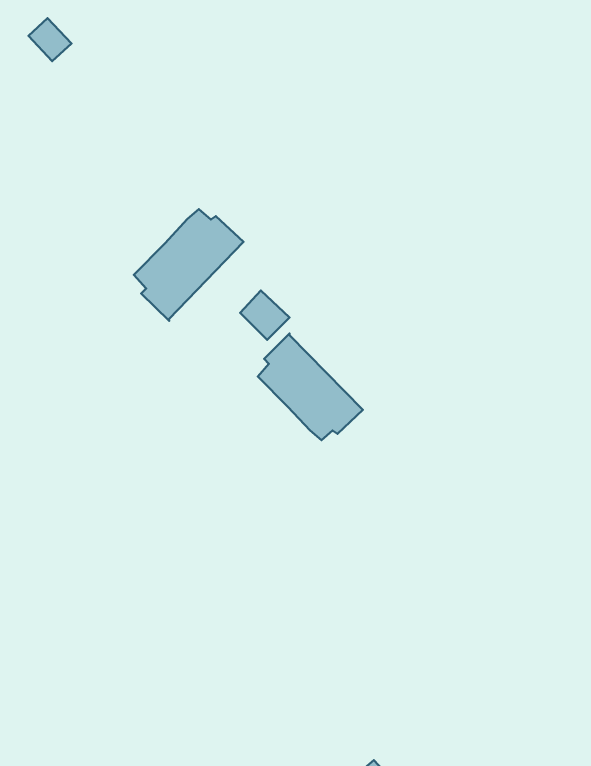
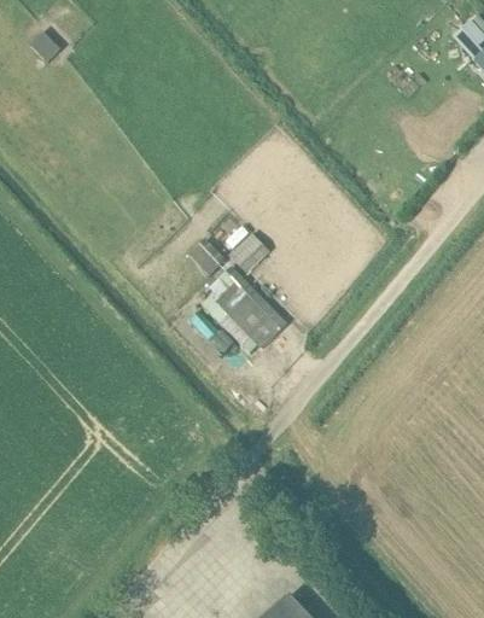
building: [134,209,244,321] -> none
building: none -> [229,232,269,272]

